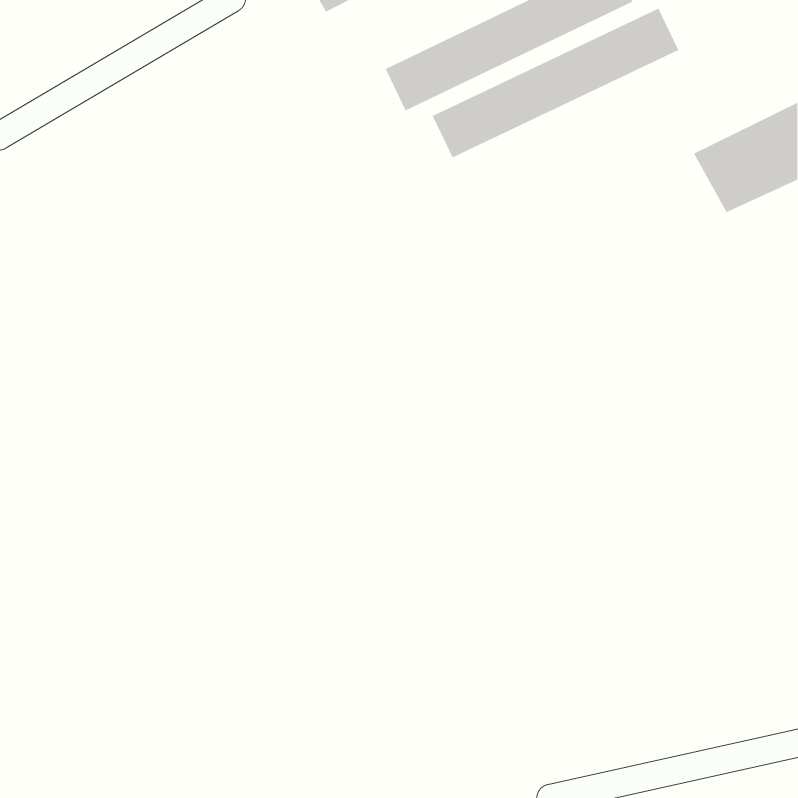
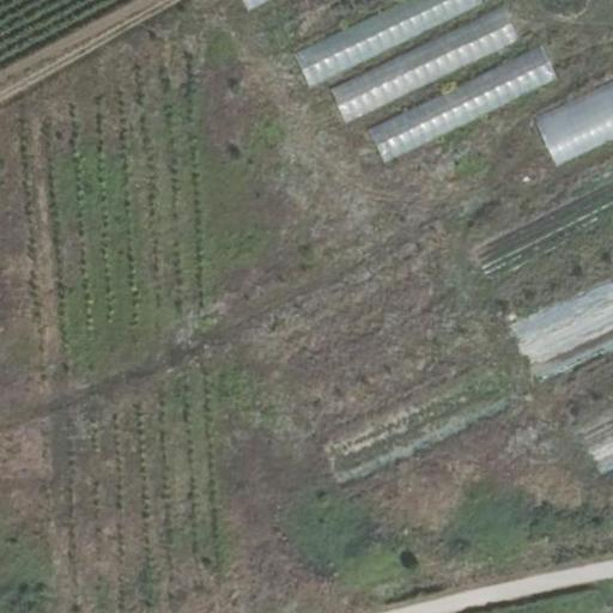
building: none -> [371,43,560,162]

